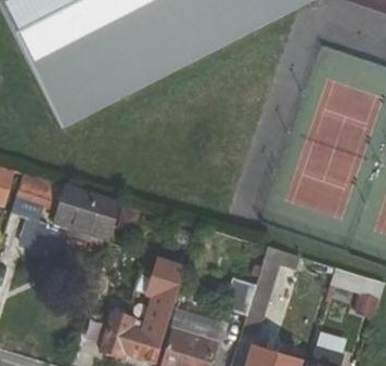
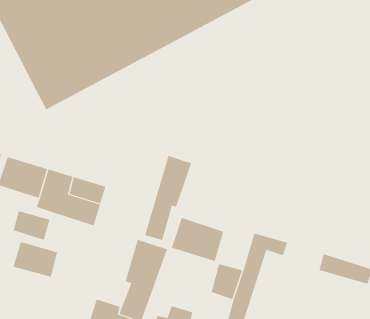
building: none -> [145,155,192,241]
building: none -> [171,217,224,262]
building: none -> [13,241,57,278]

